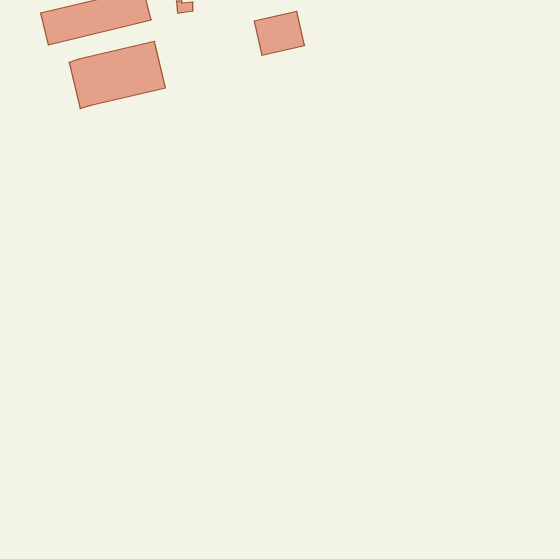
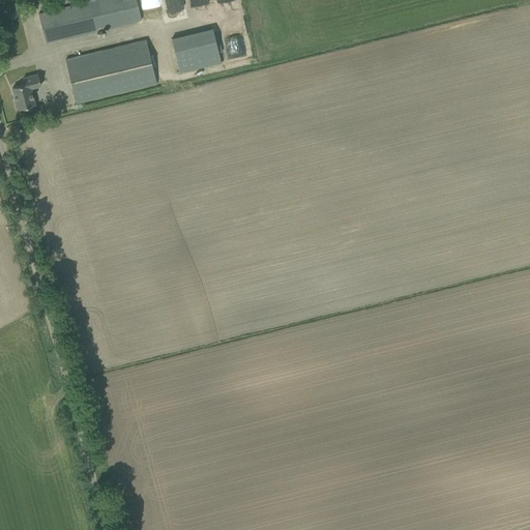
building: [254,11,305,55] -> [173,30,220,71]
building: none -> [12,73,40,109]

